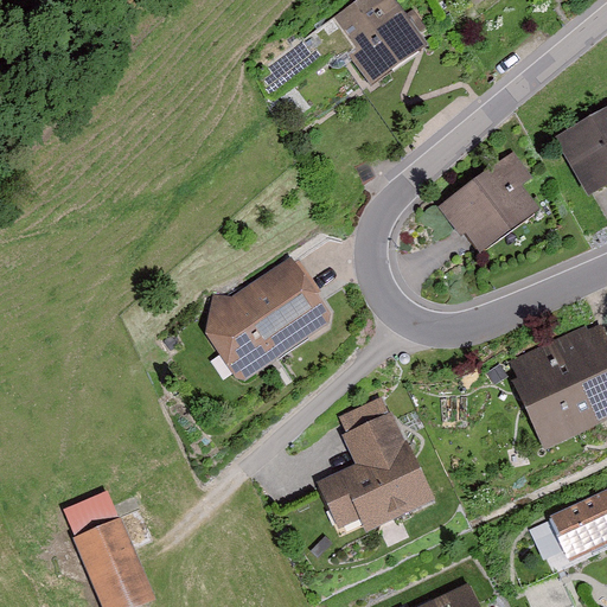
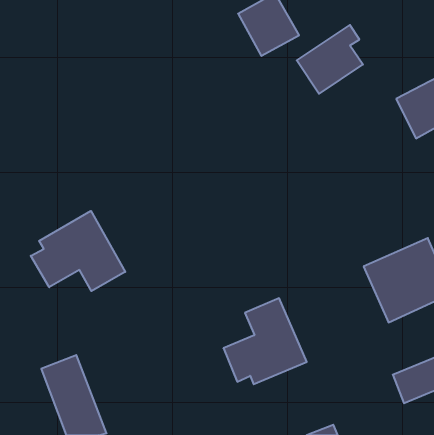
building: [441,153,532,248] -> [297,25,363,94]
building: [198,258,330,377] -> none
building: none -> [31,211,125,291]

